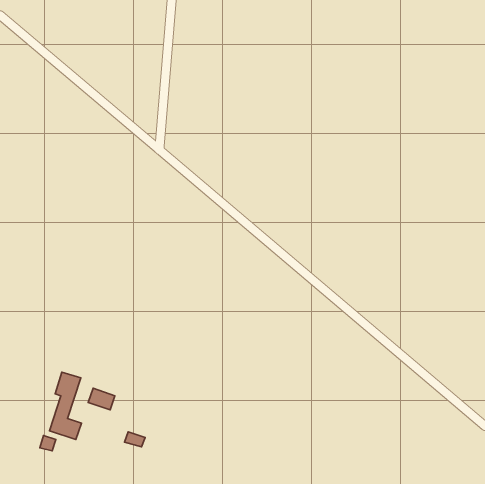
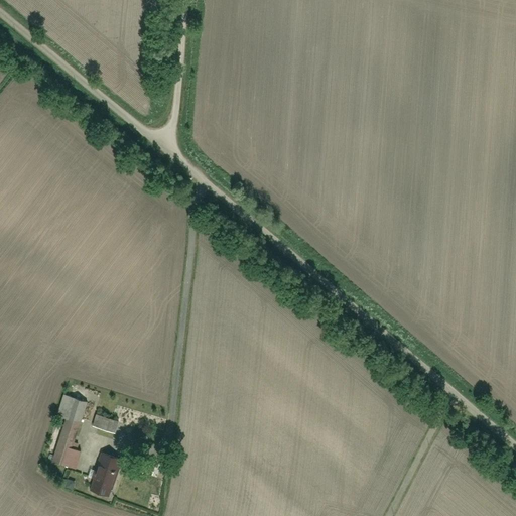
building: none -> [90,455,119,494]

